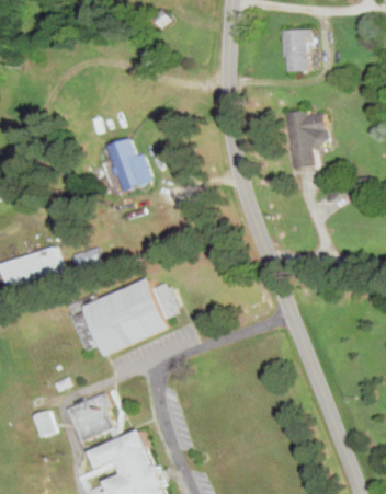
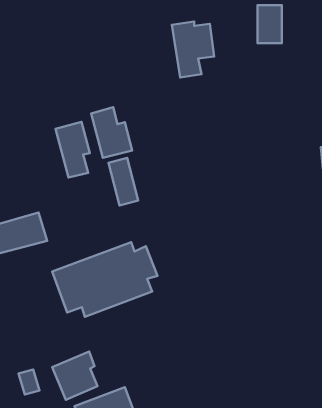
building: [284,110,328,168] -> [172,22,214,77]
building: none -> [56,122,90,178]
building: none -> [108,158,138,205]

